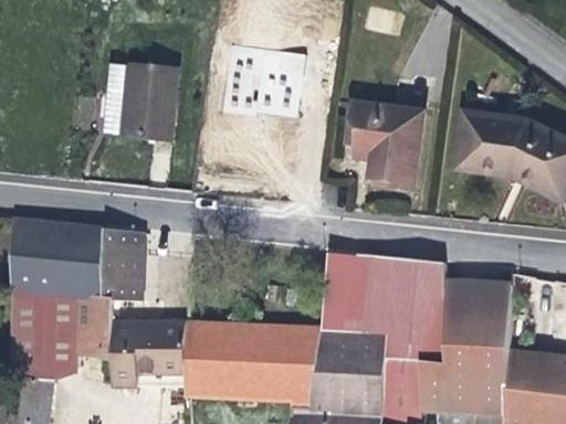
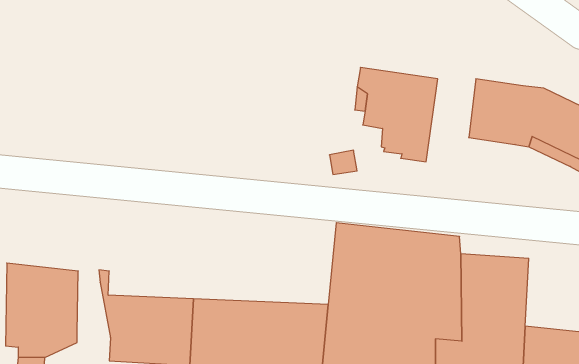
building: [222,42,304,117] -> none
building: [107,63,176,140] -> none
building: [12,218,143,360] -> none

